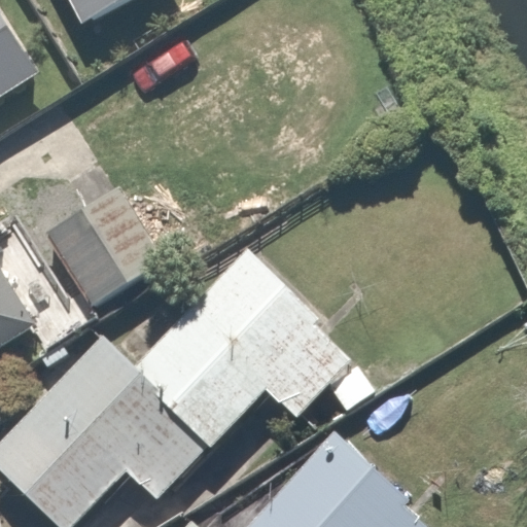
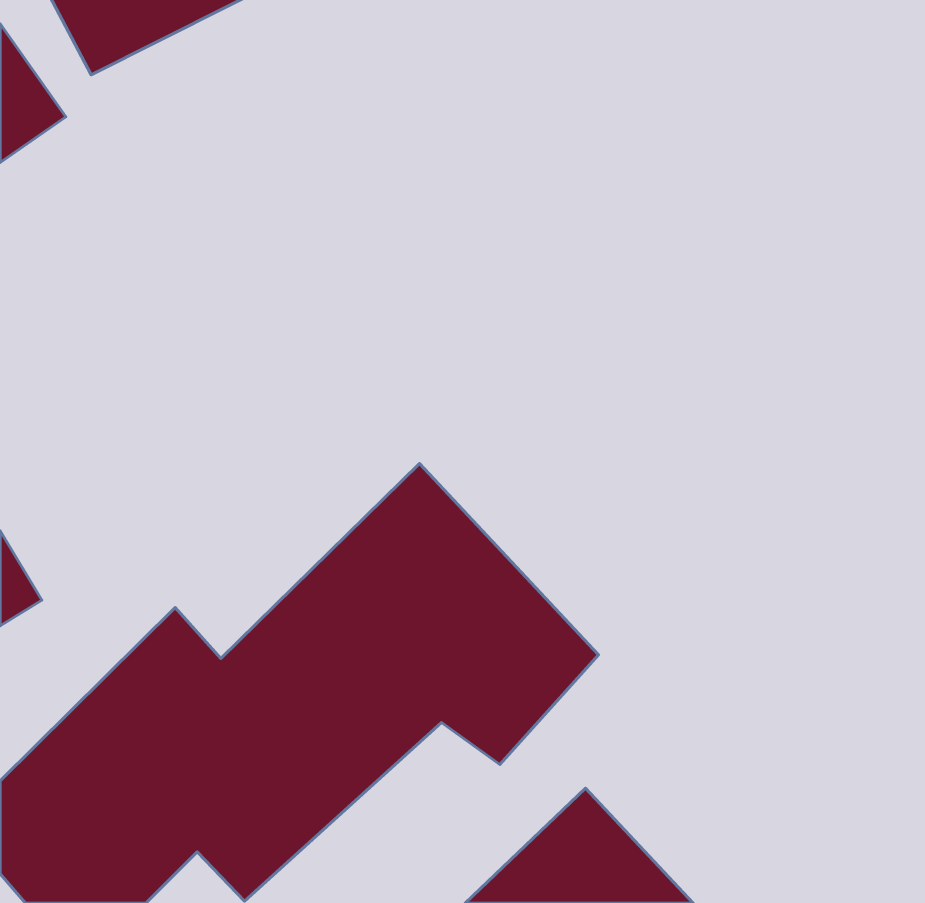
building: [24,198,144,319] -> none

